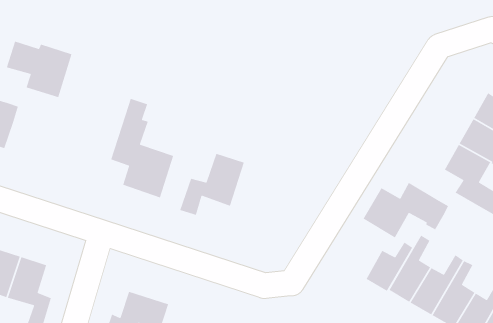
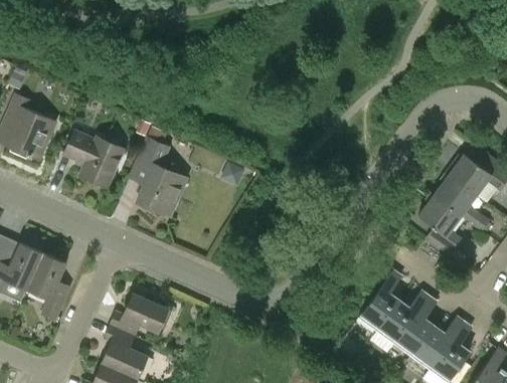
building: [6,40,73,98] -> [63,132,123,186]
building: [179,153,245,216] -> none
building: [362,182,449,239] -> none
building: [365,241,413,292] -> none

